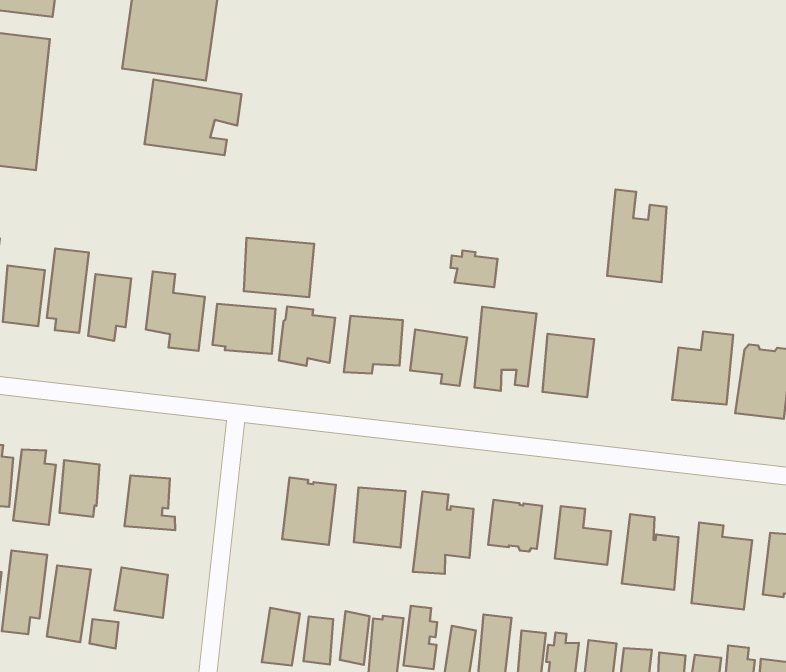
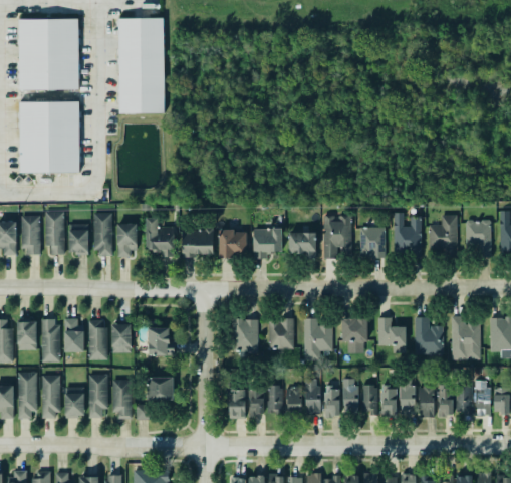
building: [144,80,241,155] -> none
building: [607,190,667,282] -> [392,211,422,257]
building: [244,238,314,297] -> none
building: [451,251,498,287] -> none

